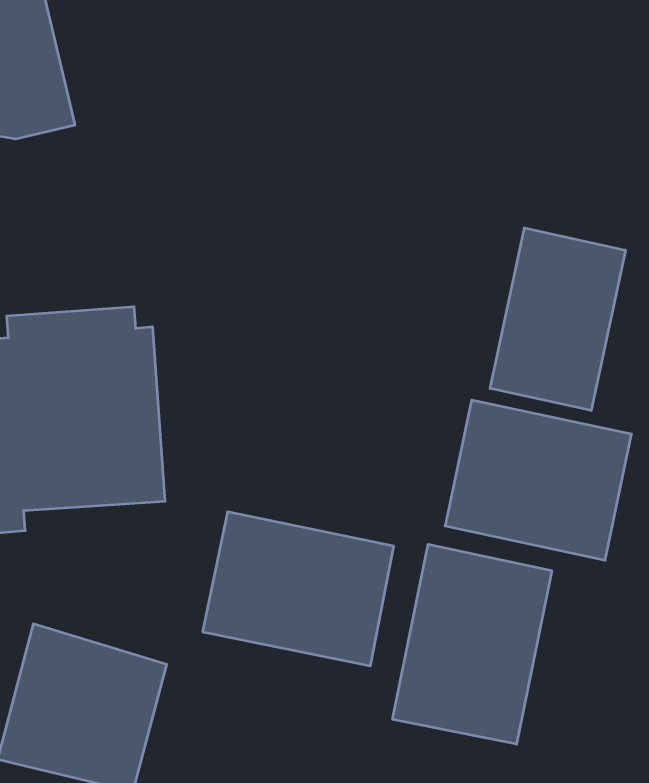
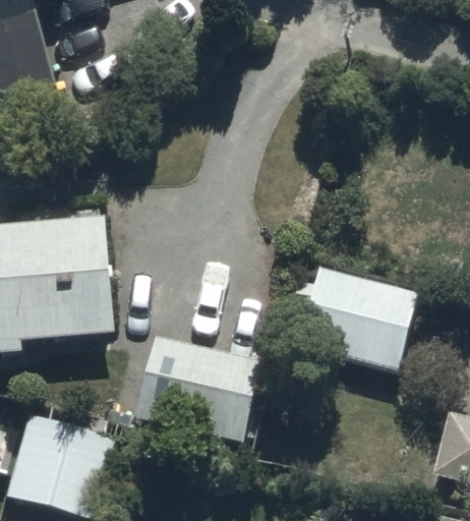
building: [490,228,625,411] -> none
building: [393,544,552,744] -> none

